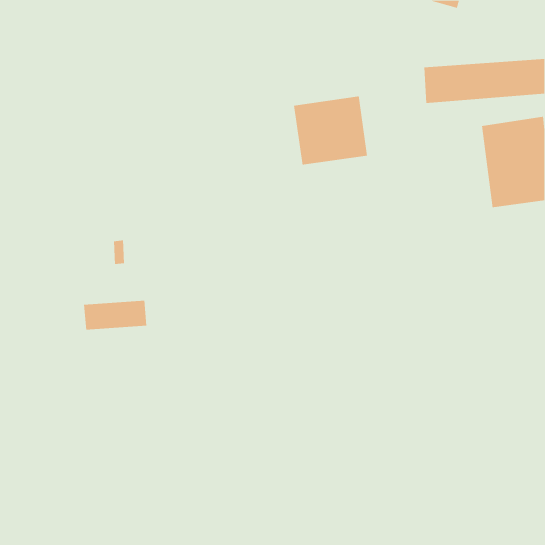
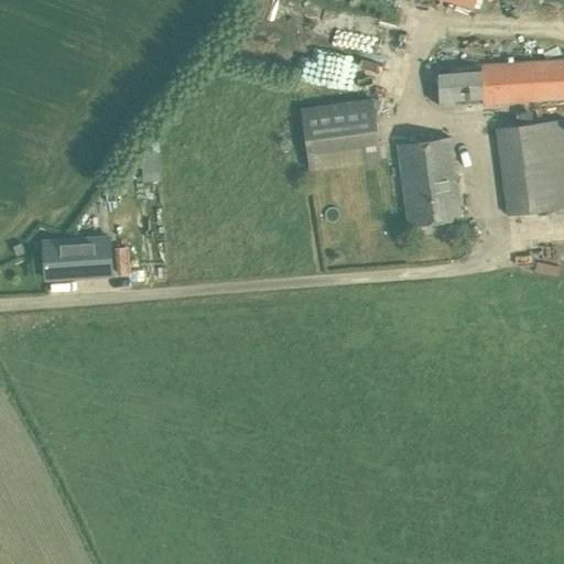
building: none -> [398,139,460,225]
building: [83,300,147,330] -> [45,247,111,278]

